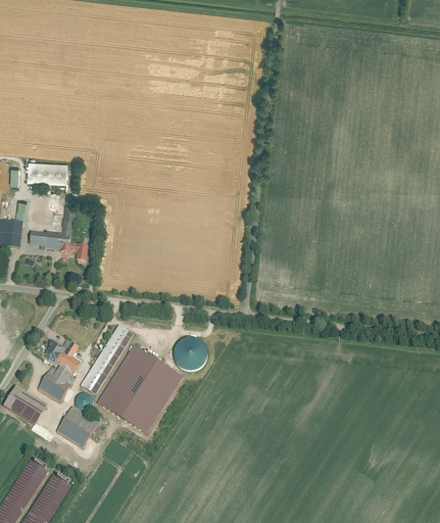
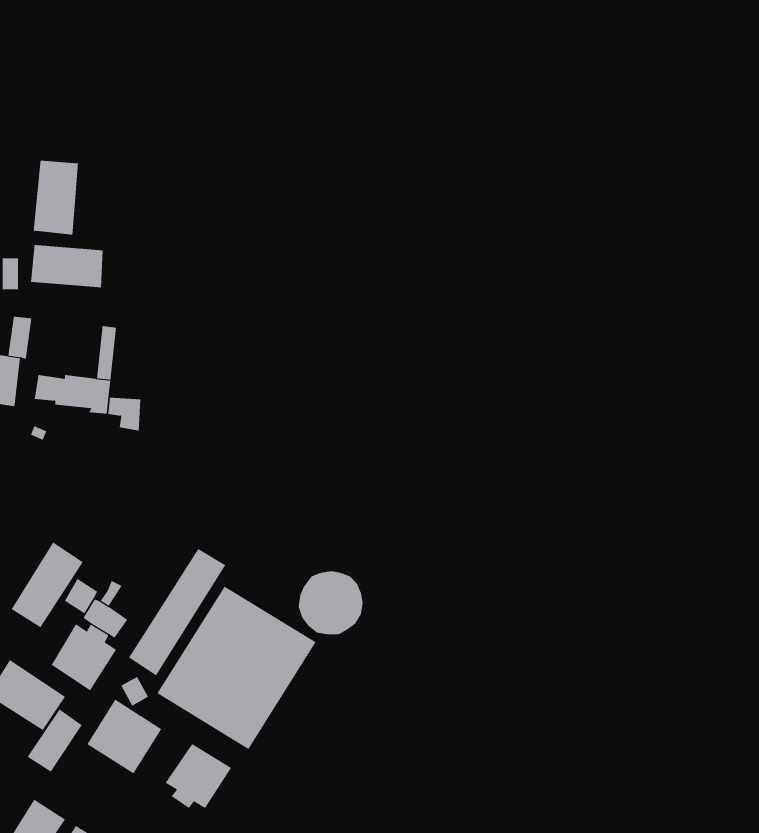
building: none -> [33,160,78,235]
building: none -> [11,541,84,628]
building: none -> [27,708,82,772]
building: none -> [165,743,232,809]

